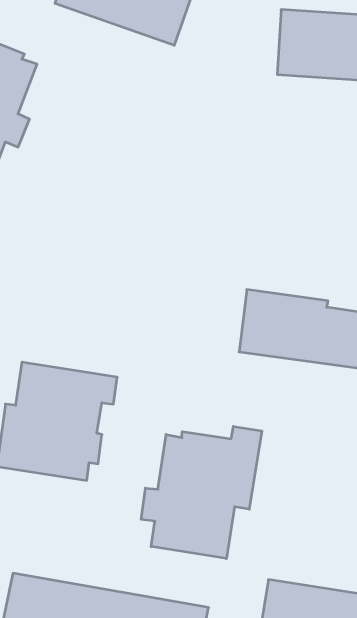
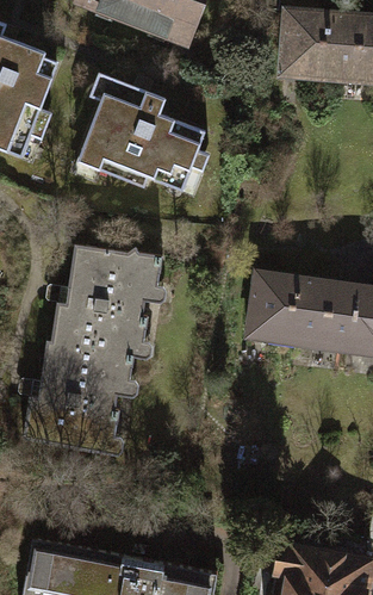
building: none -> [77,73,210,187]
building: none -> [51,246,162,355]
building: [141,426,262,559] -> none

